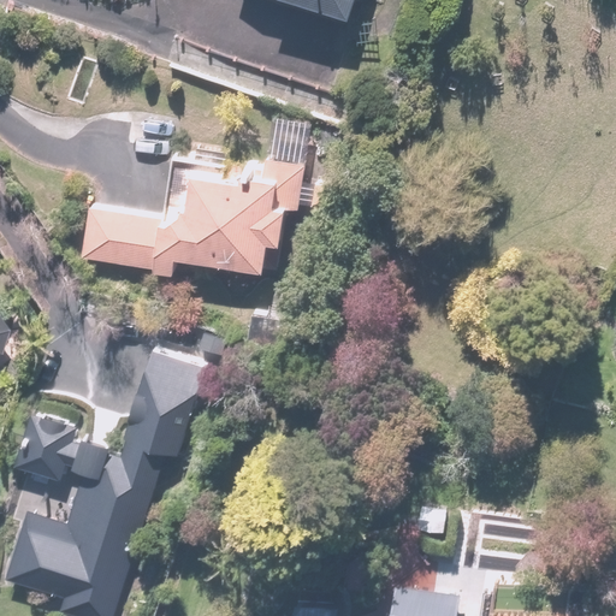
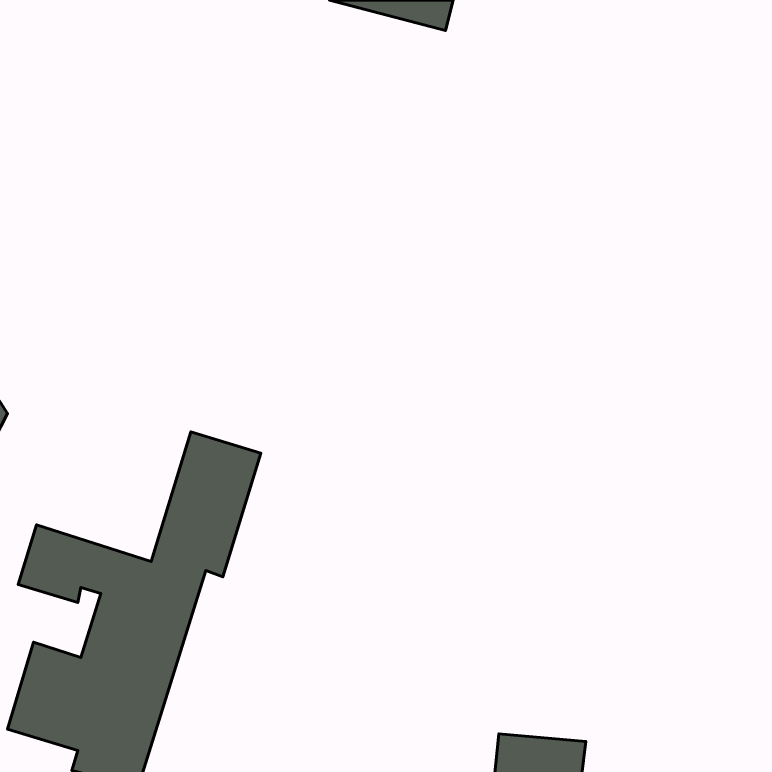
building: [78,158,304,273] -> none

